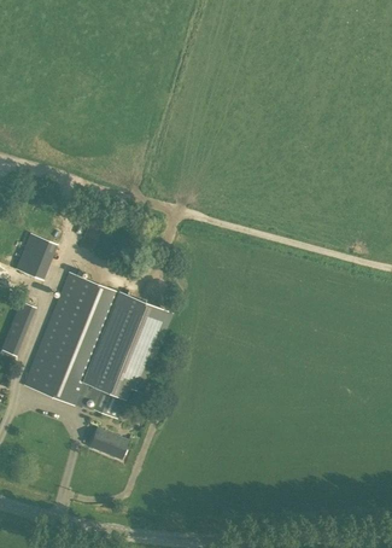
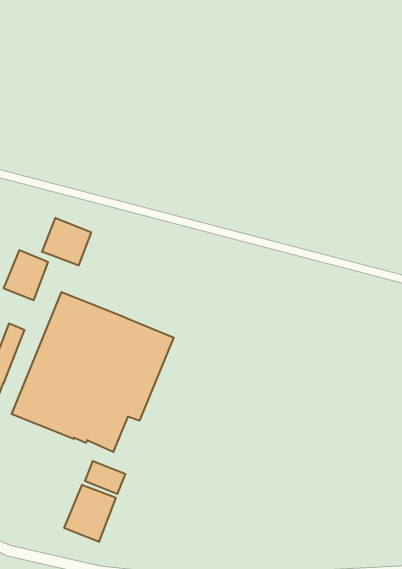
building: none -> [42,218,91,265]
building: none -> [64,485,116,542]

